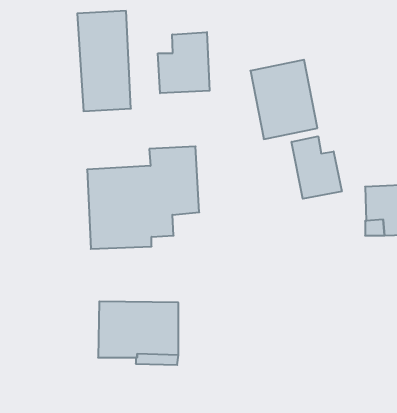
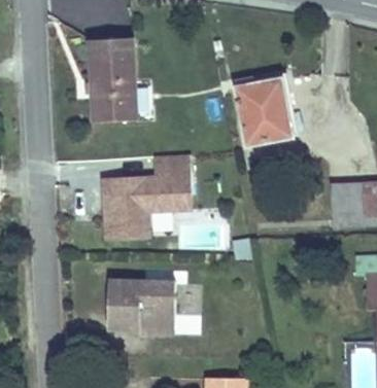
building: [158,32,210,93] -> none
building: [292,136,342,199] -> none

